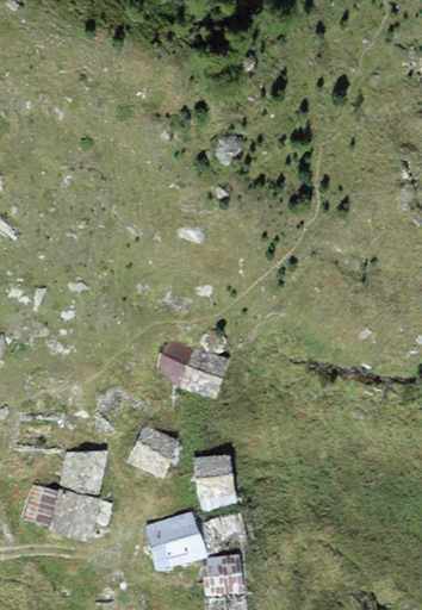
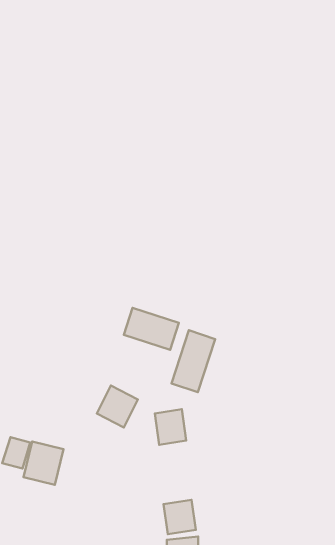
building: none -> [171,330,215,392]
building: [63,452,106,493] -> none
building: [149,513,201,564] -> none

